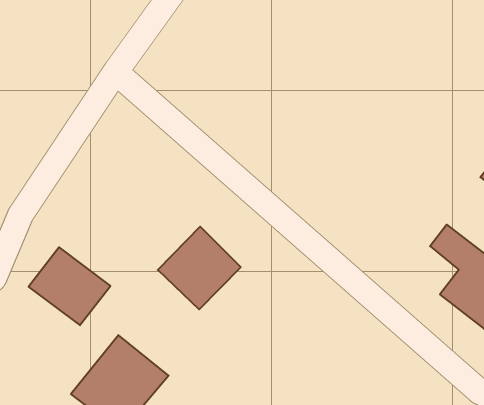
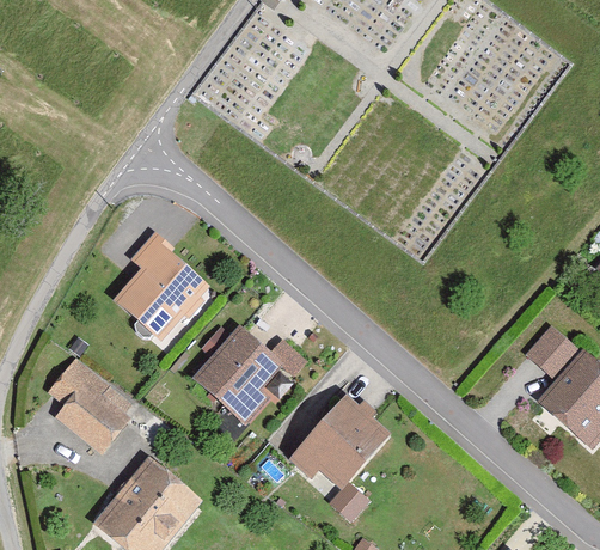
building: none -> [111,244,215,347]
building: none -> [287,393,396,501]

